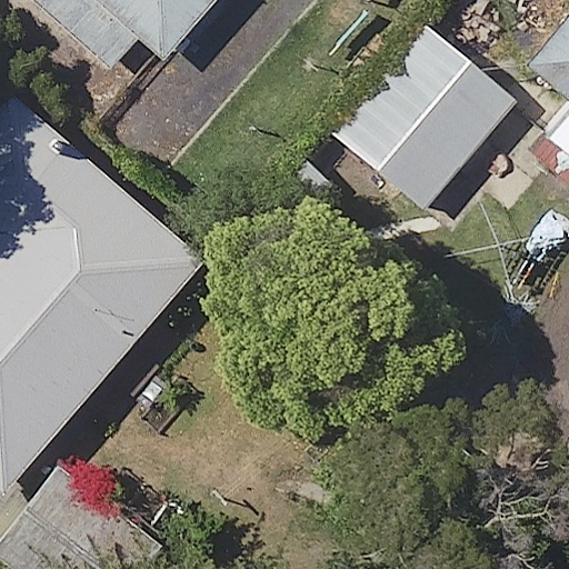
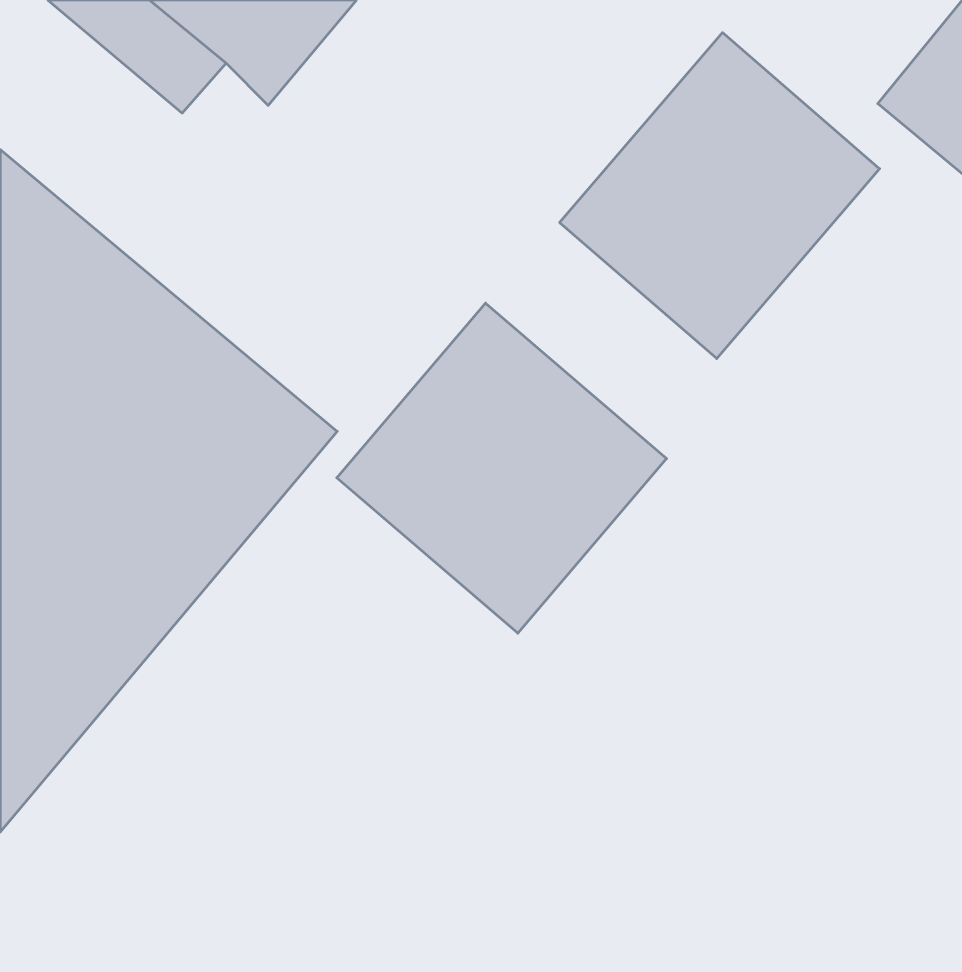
building: none -> [337,303,667,633]

